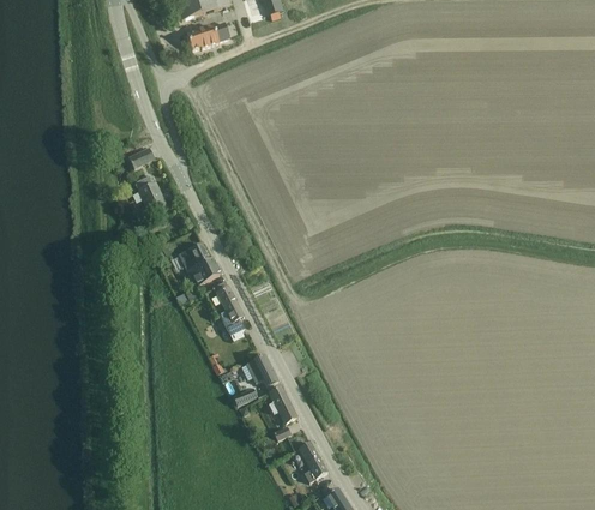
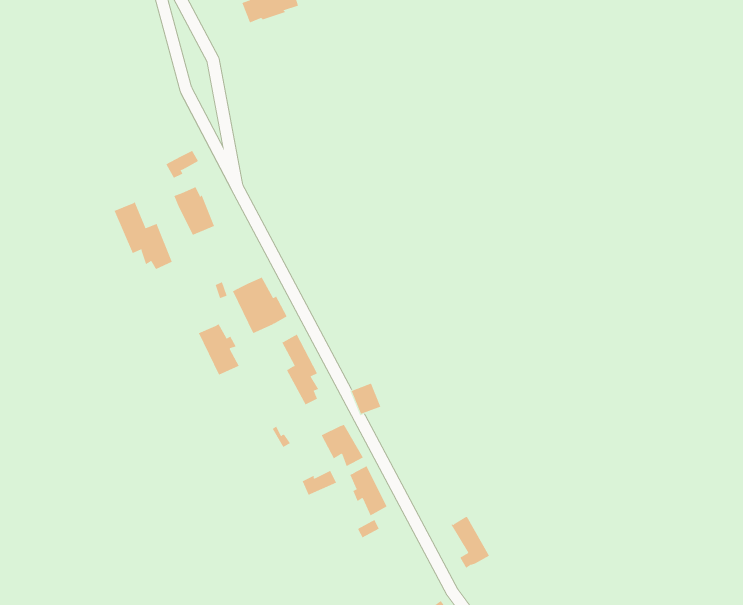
building: none -> [114,201,172,270]
building: none -> [198,324,240,376]
building: [295,442,325,481] -> [450,516,490,569]

